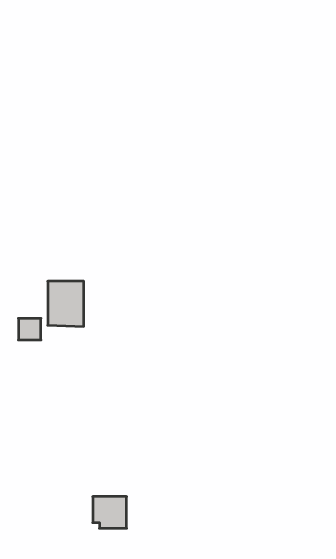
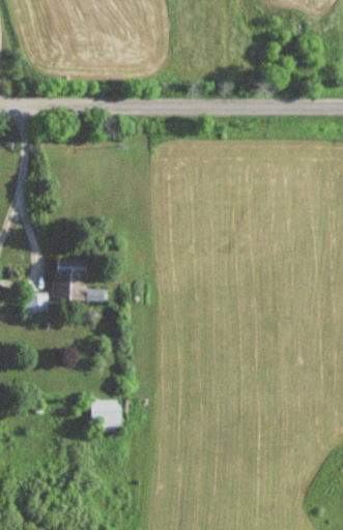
building: [93,497,127,528] -> [91,400,122,429]

